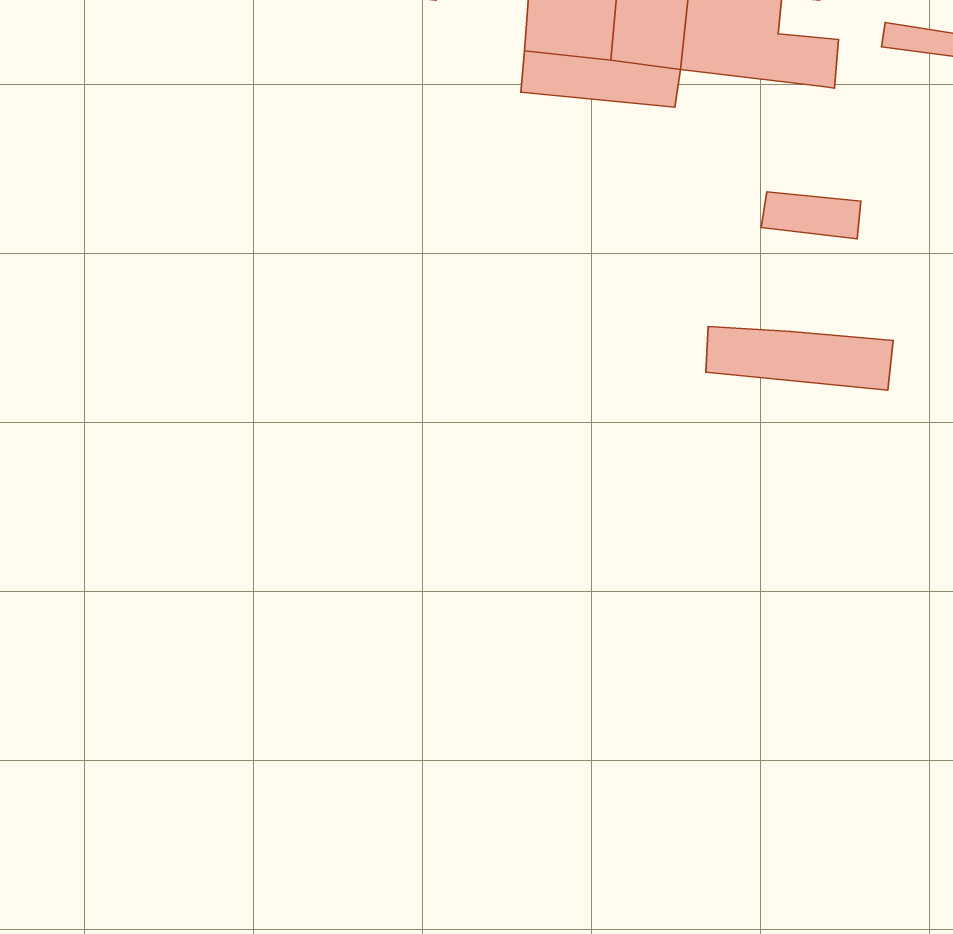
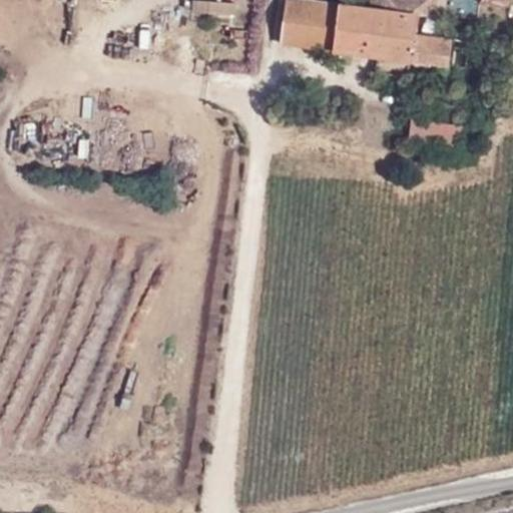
building: none -> [364,37,443,67]
building: [706,326,893,390] -> none

